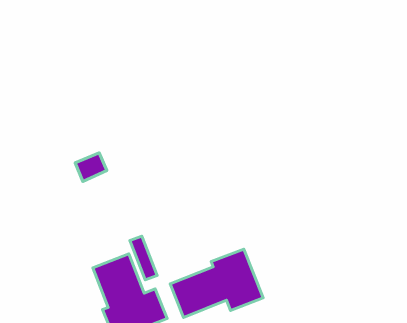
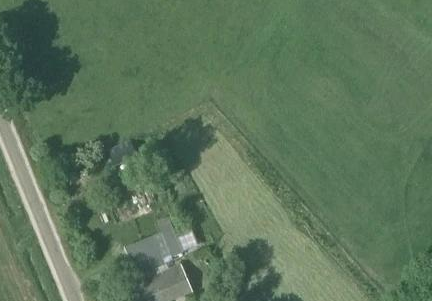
building: [170,249,263,317] -> none

